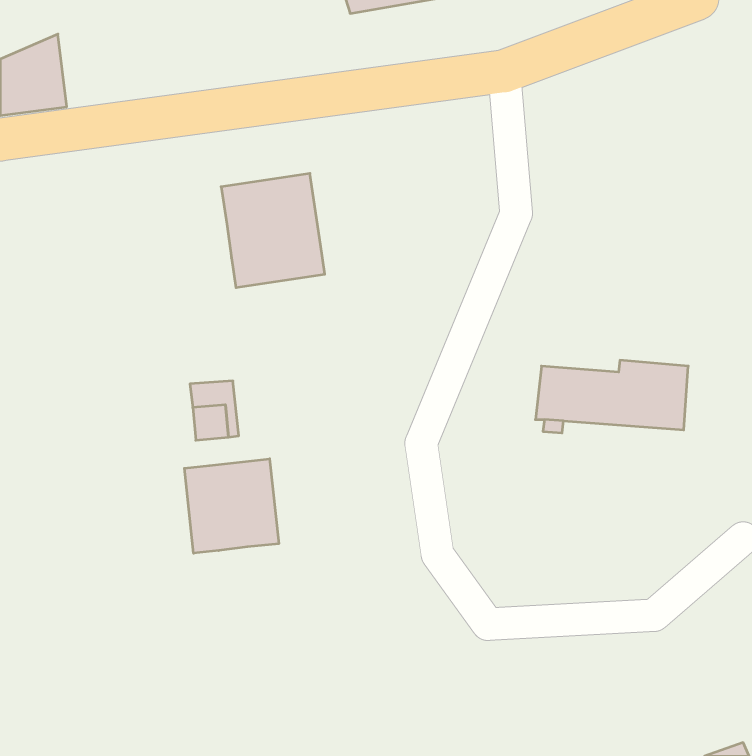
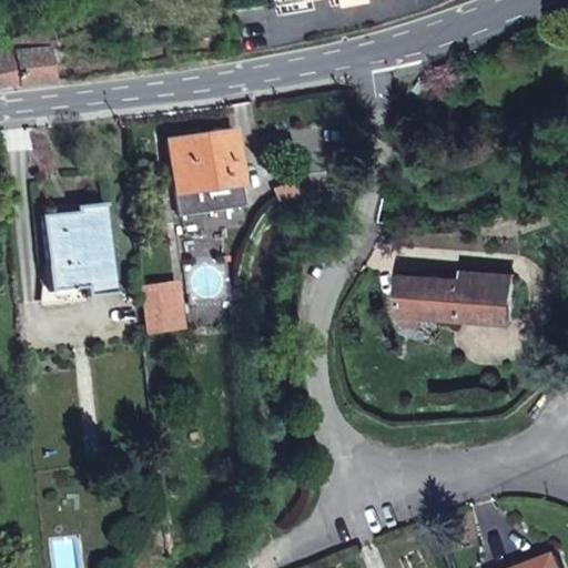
building: none -> [42,202,114,300]
building: [184,459,279,553] -> none

